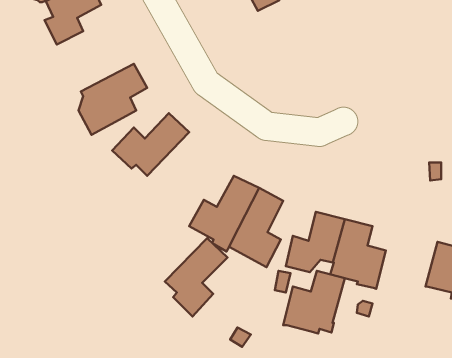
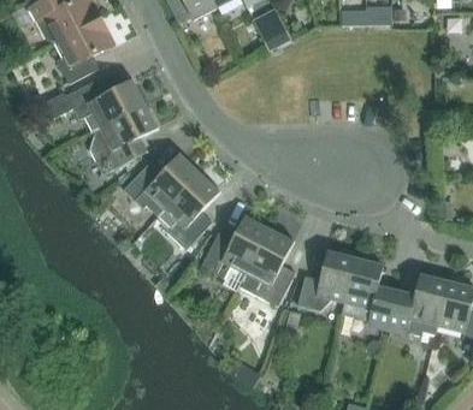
building: none -> [40,77,144,130]
building: [165,238,228,317] -> [158,171,220,249]
building: [283,271,345,334] -> [386,273,448,335]

